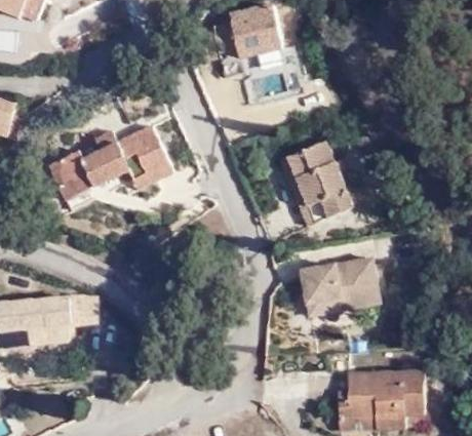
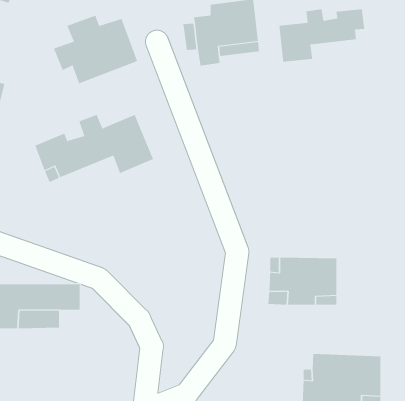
building: none -> [279,8,365,63]
building: none -> [53,15,138,84]
building: [285,144,346,227] -> none

